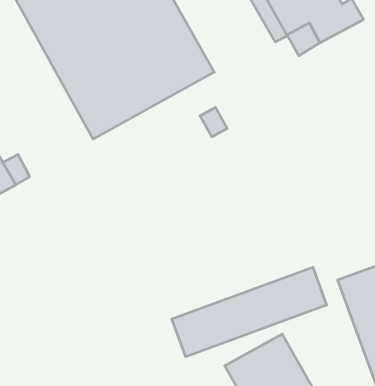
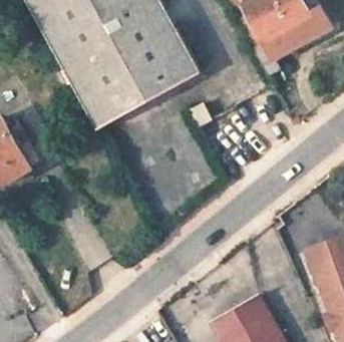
building: [172,267,327,357] -> none

